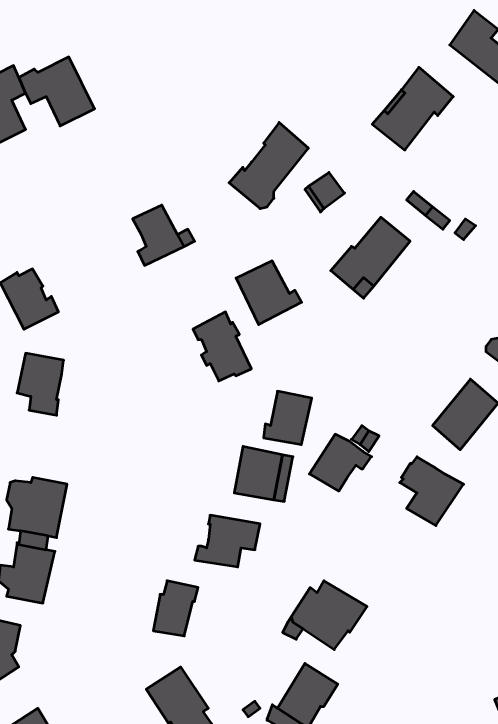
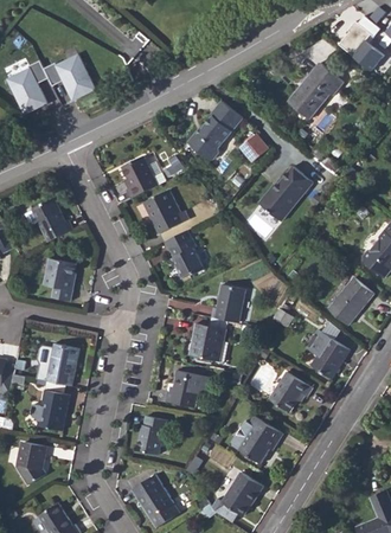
building: [236,261,302,325] -> [143,190,188,233]
building: [309,434,372,491] -> [269,371,312,410]

